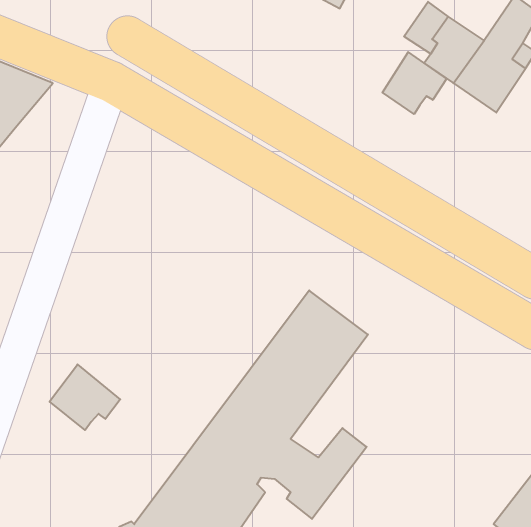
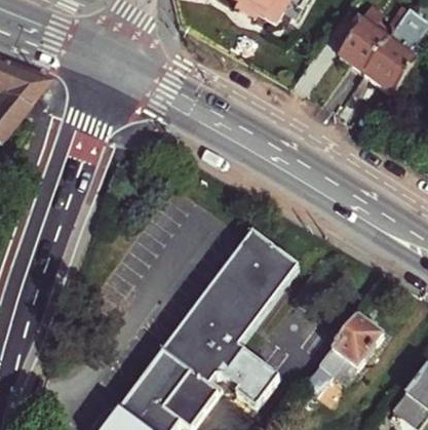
building: [382,52,447,114] -> none
building: [50,364,120,430] -> none
building: none -> [306,317,384,396]

